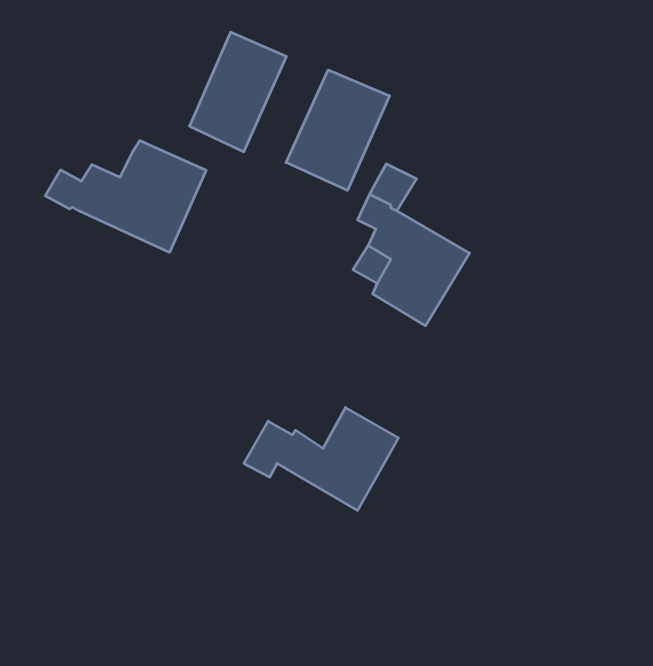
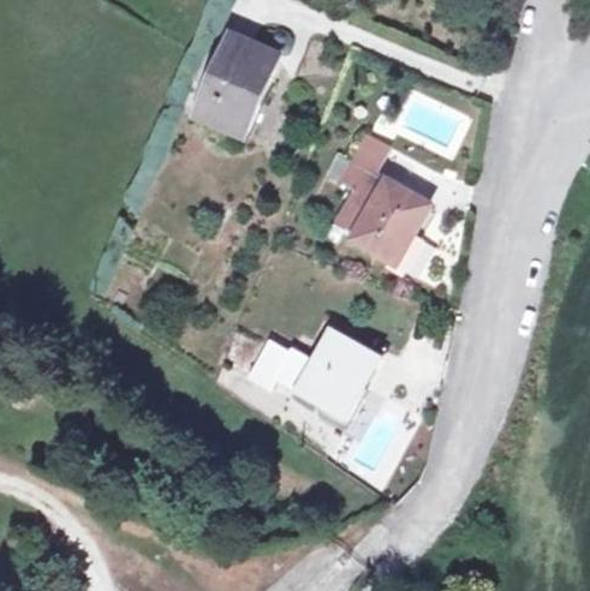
building: [286,70,390,190] -> none
building: [45,141,206,252] -> none

